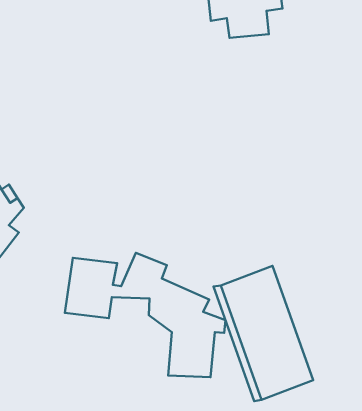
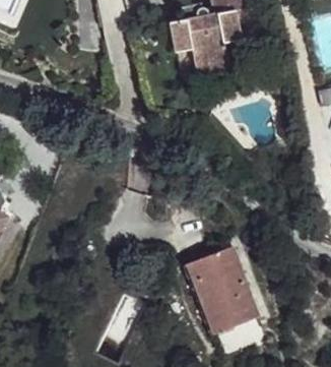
building: [65,253,225,377] -> none

